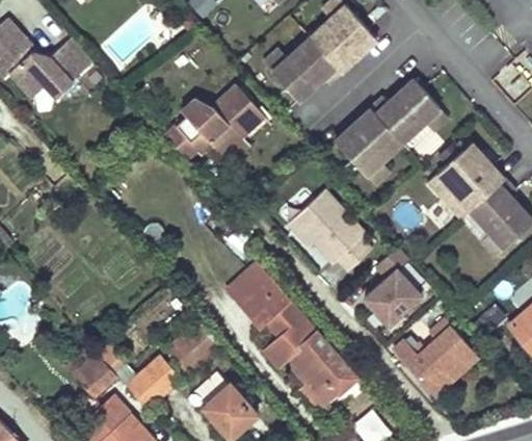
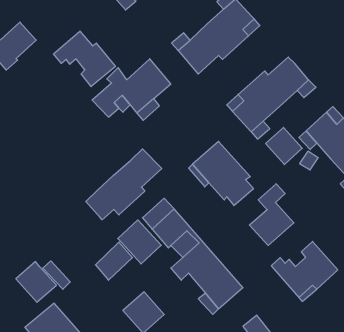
building: none -> [54,31,115,87]
building: none -> [266,127,302,165]
building: none -> [86,149,162,220]
building: none -> [118,220,161,264]
building: [125,356,177,407] -> none

